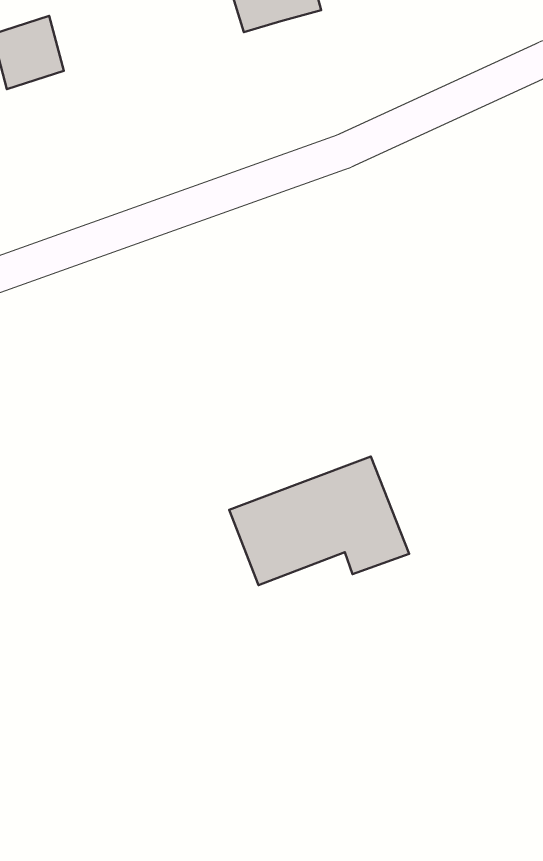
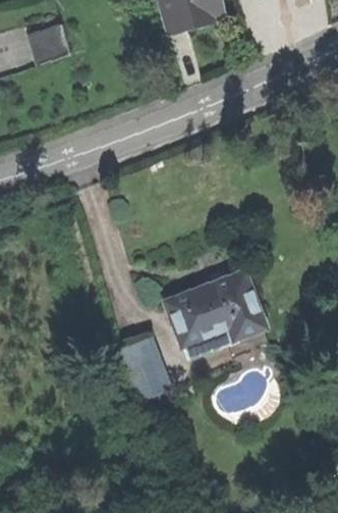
building: none -> [178,322,233,360]
building: none -> [122,332,177,401]

